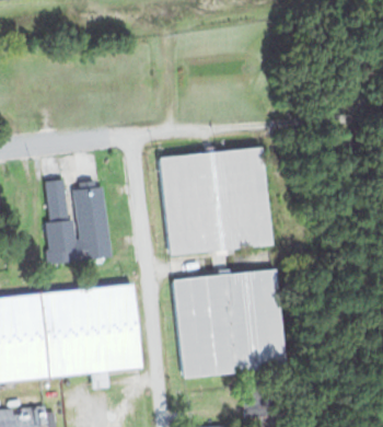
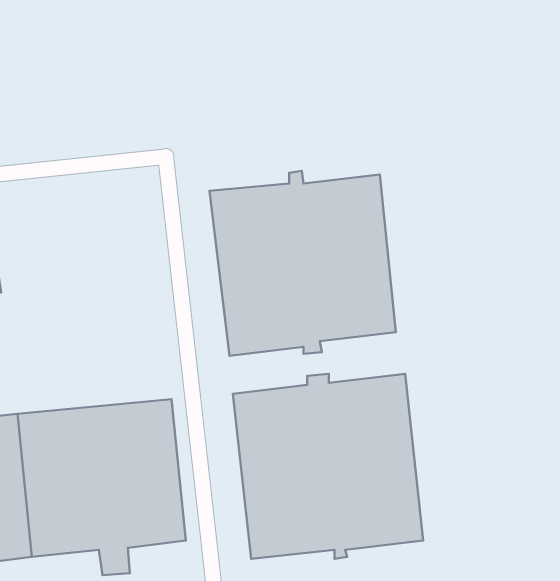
building: [44,176,113,265] -> none

